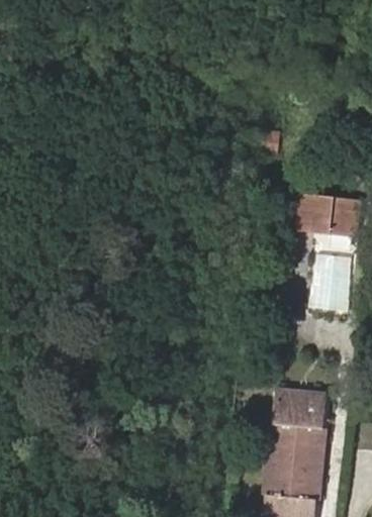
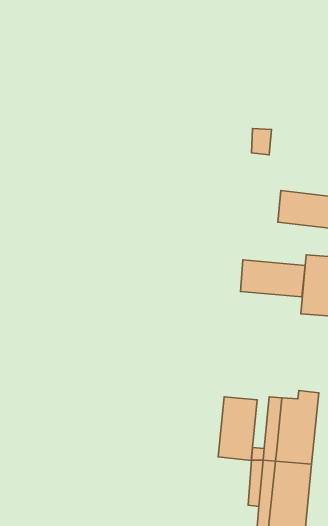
building: none -> [240,260,305,297]
building: none -> [218,397,257,460]

